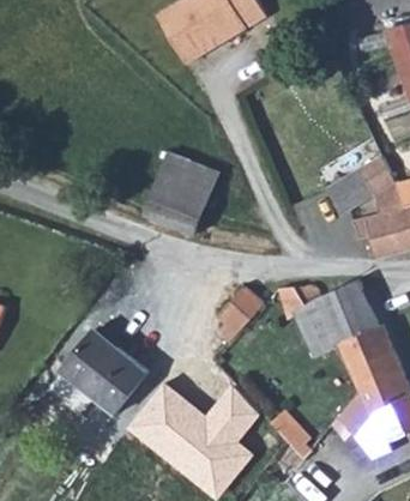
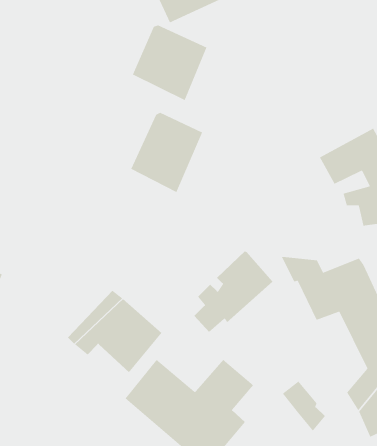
building: none -> [132,24,208,101]

